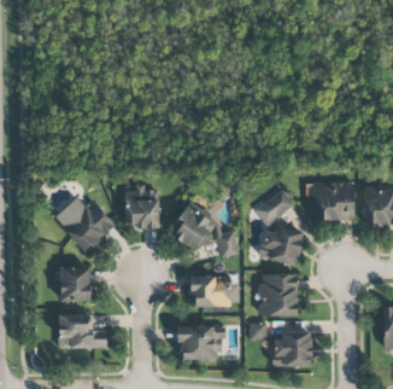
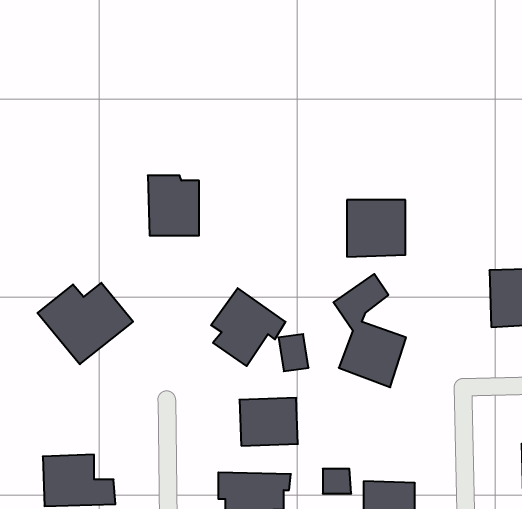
building: [315,182,354,221] -> [347,200,405,257]
building: [124,187,159,228] -> [148,175,199,236]
building: [60,268,90,302] -> none
building: [262,274,298,317] -> none

